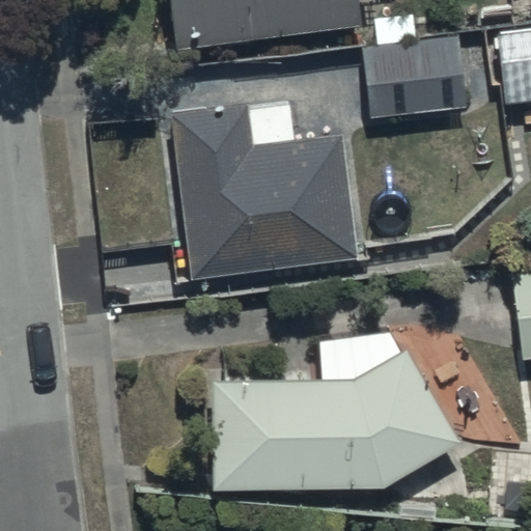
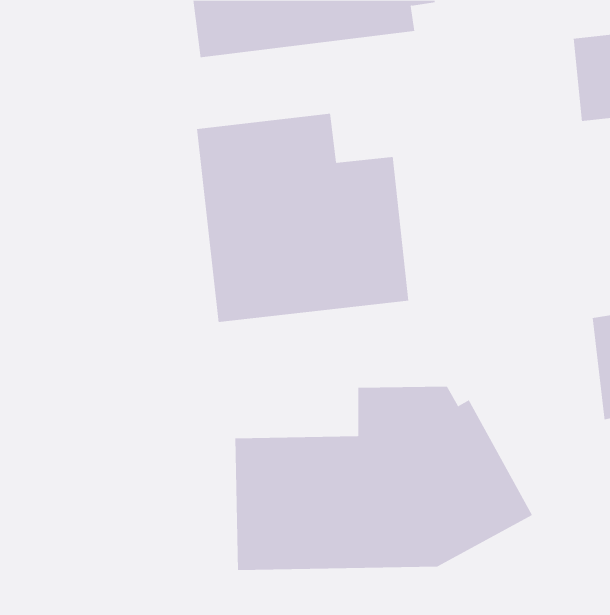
building: [361,16,468,118] -> none

